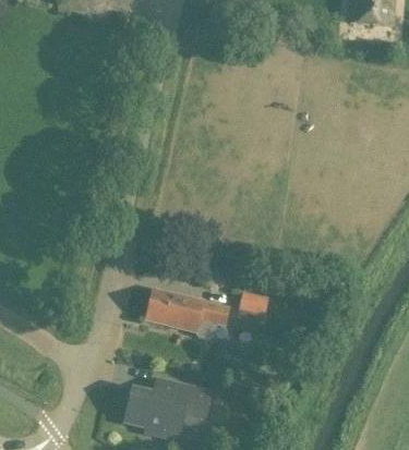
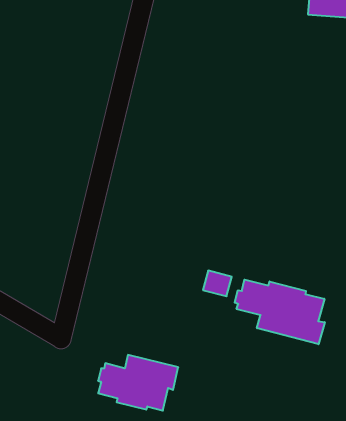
building: [145,287,230,337] -> none
building: none -> [235,280,325,344]

